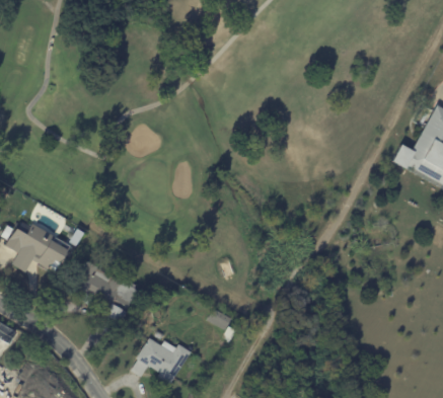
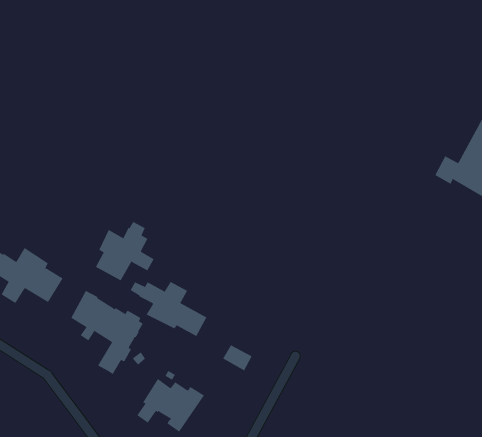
building: none -> [95,221,154,281]
building: none -> [130,281,207,337]

